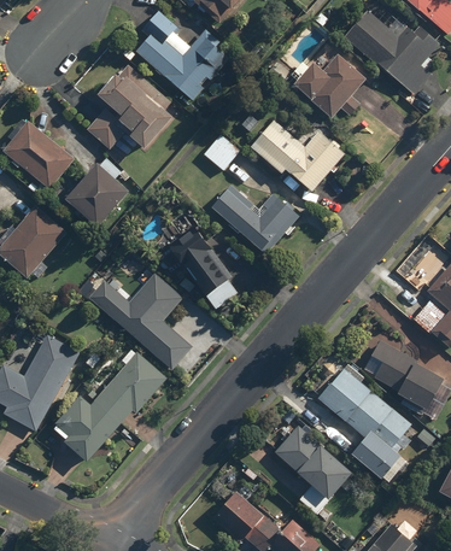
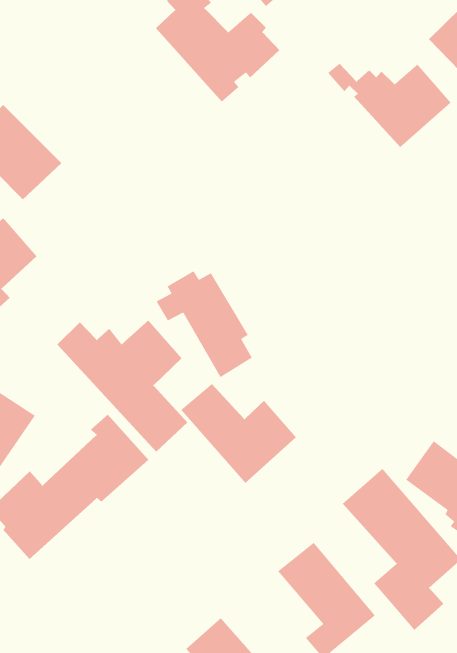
building: [88,63,172,152] -> none
building: [248,117,345,194] -> none
building: [204,135,240,170] -> none
building: [63,158,128,231] -> none
building: [210,183,300,257] -> [180,383,297,484]

